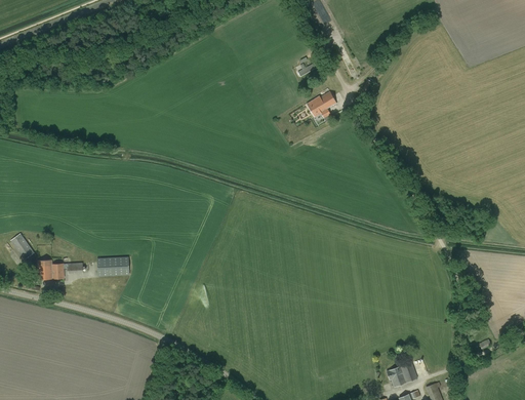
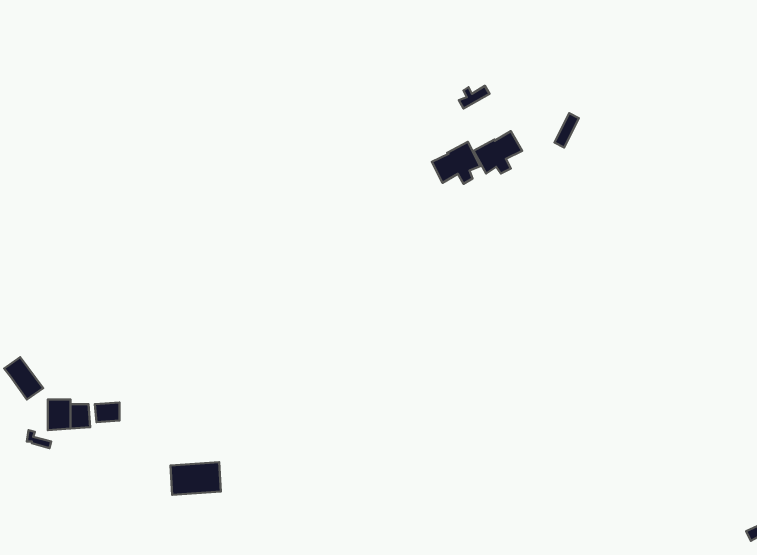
building: none -> [432,142,480,184]
building: [97,256,129,277] -> [170,462,221,495]

